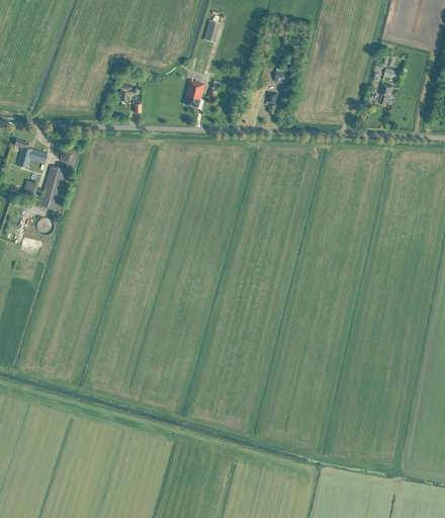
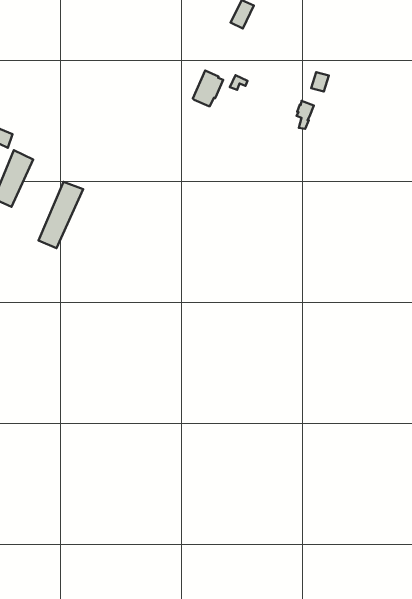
building: none -> [39,182,83,248]

